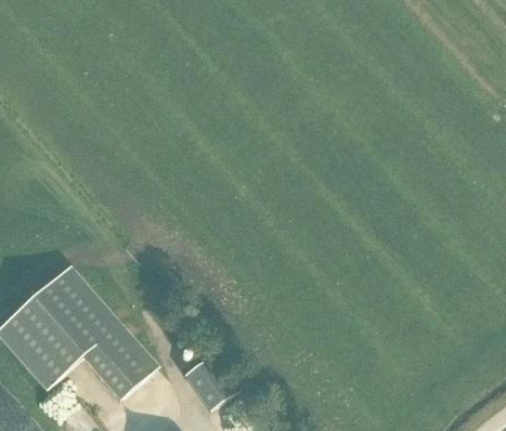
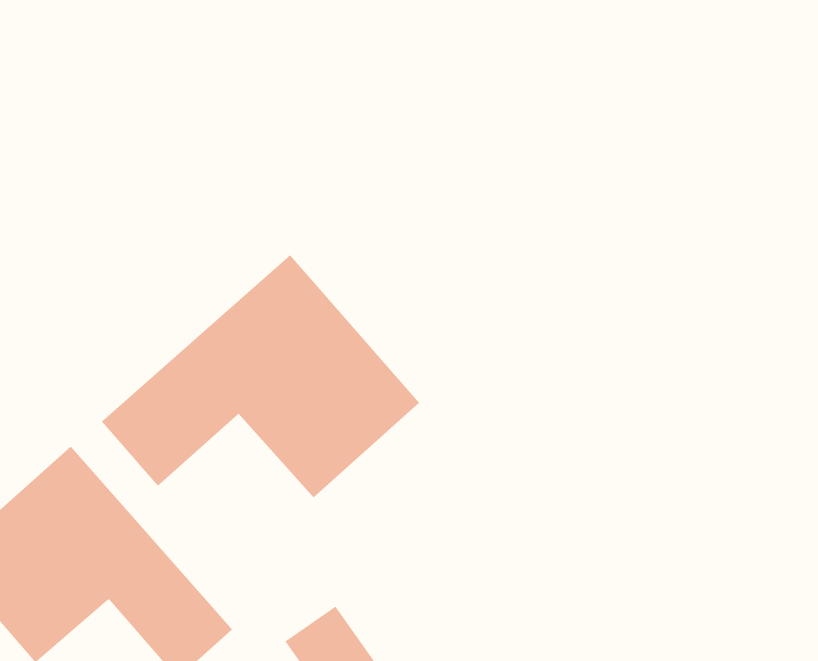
building: none -> [101,255,420,498]

